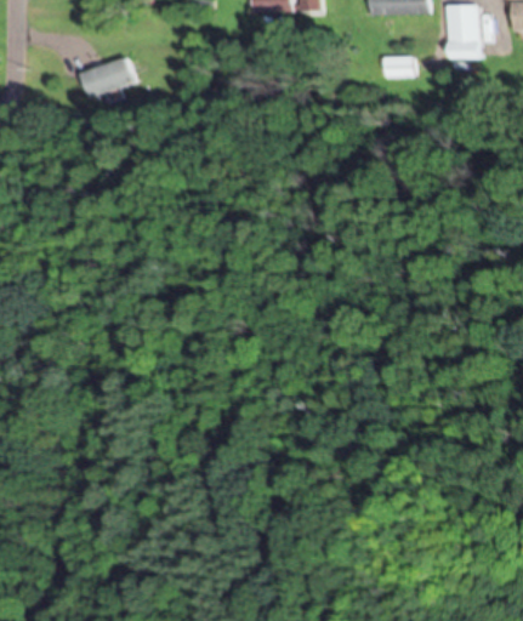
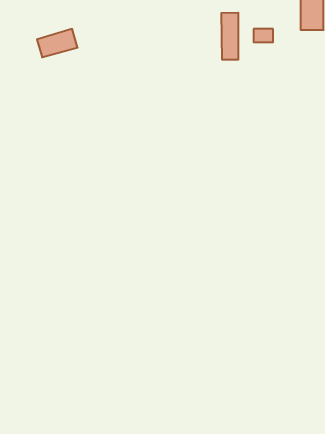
building: none -> [221,13,238,60]

